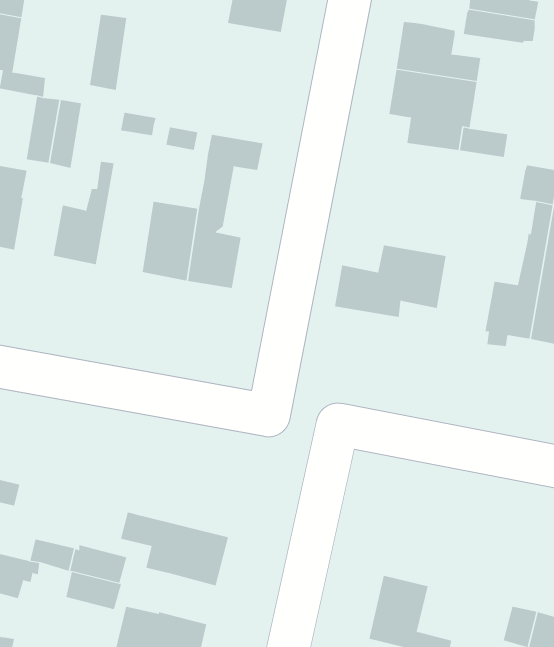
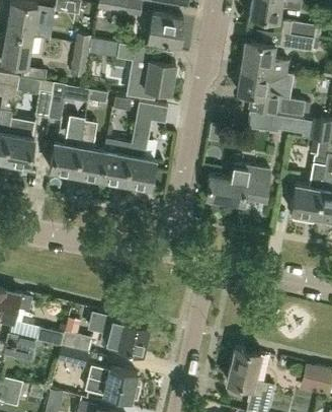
building: none -> [118,45,176,99]
building: none -> [271,117,314,139]
building: none -> [75,119,106,180]

